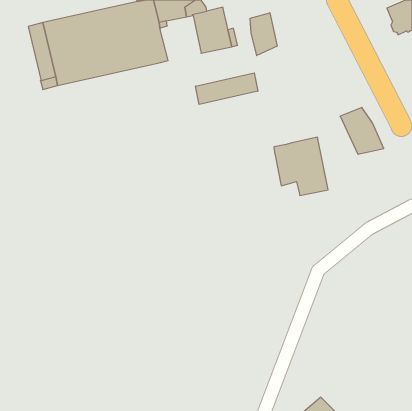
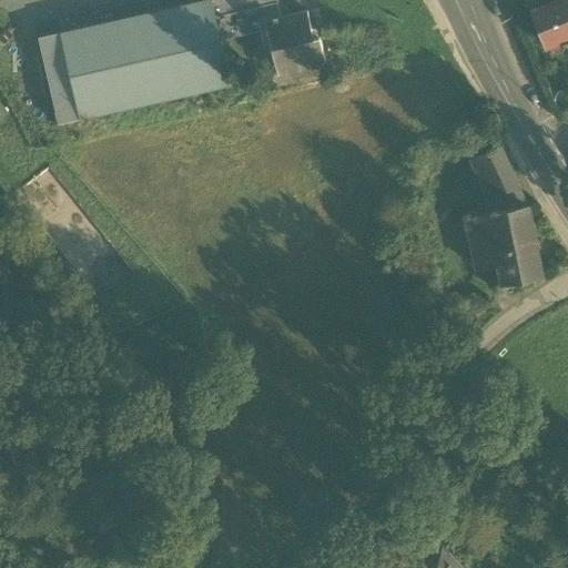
building: [250,13,277,56] -> none
building: [196,73,258,104] -> none
building: [274,137,328,195] -> [467,206,541,286]

